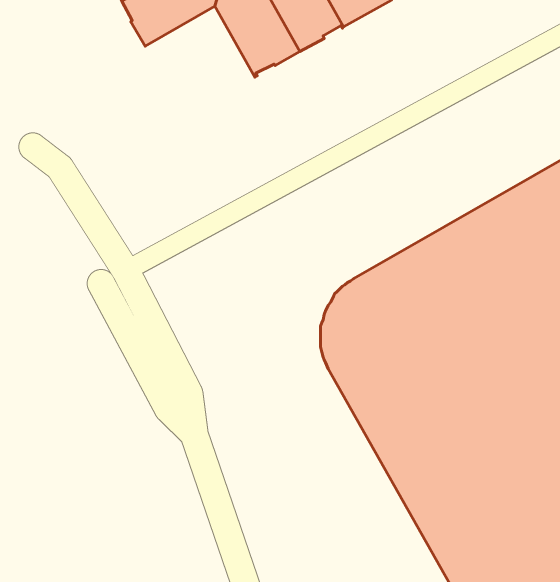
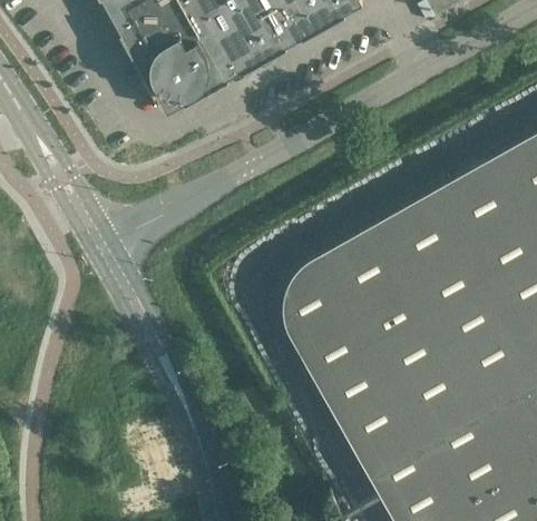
building: none -> [131,22,226,115]

